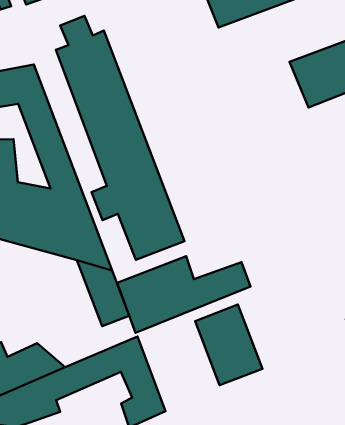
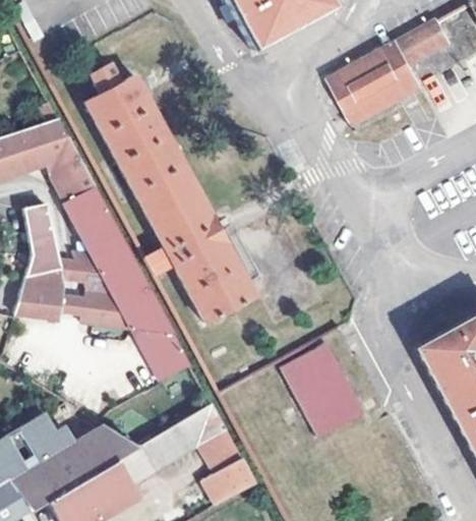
building: [117,256,250,333] -> none

